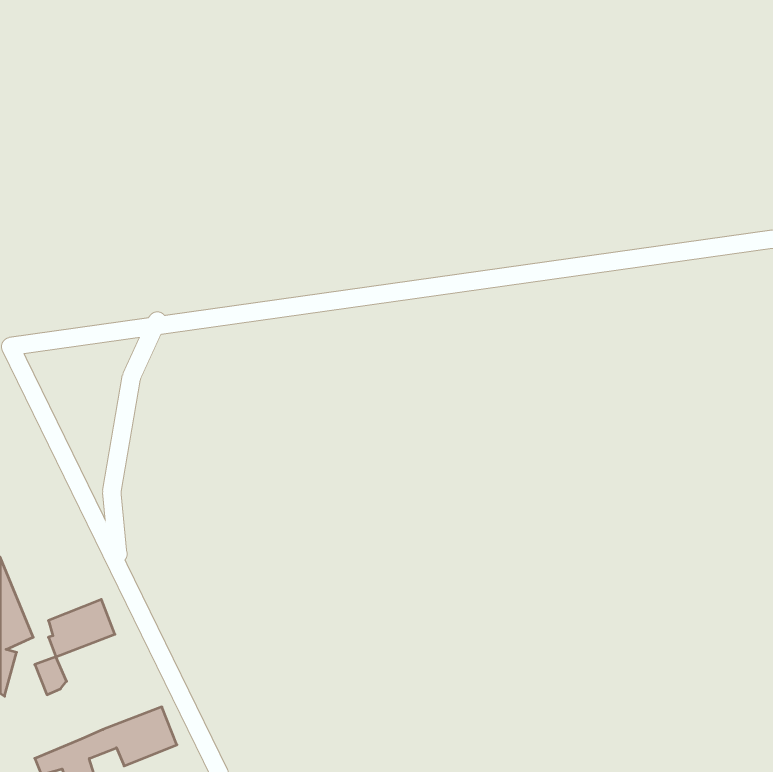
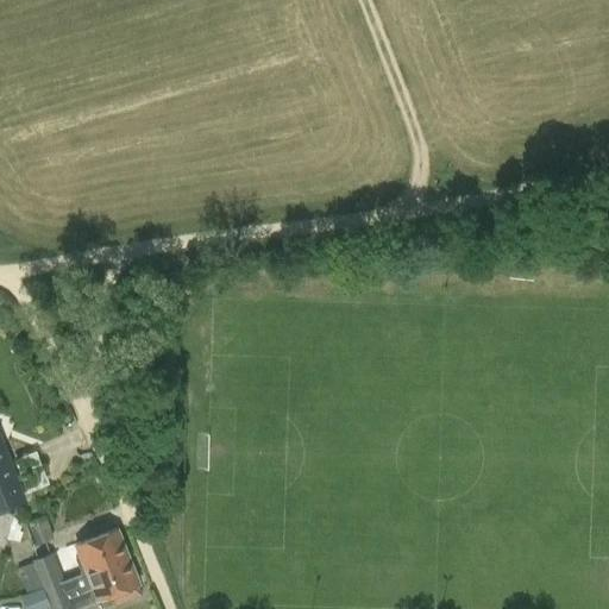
building: [48,599,115,657] -> [75,529,127,575]
building: none -> [15,554,64,597]

